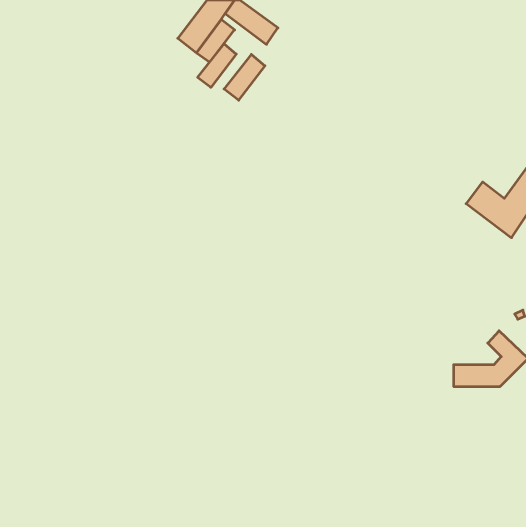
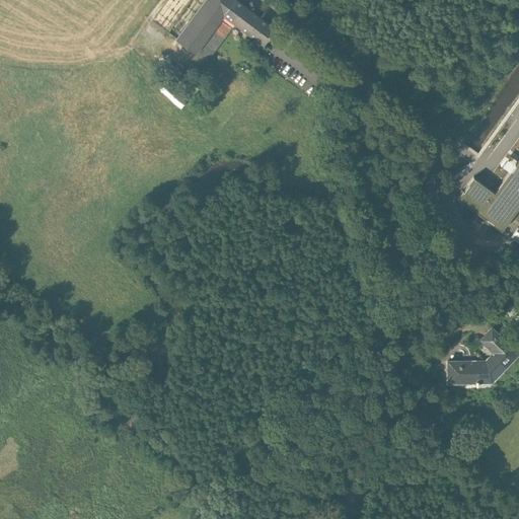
building: [198,44,236,87] -> none
building: [224,54,265,100] -> none

